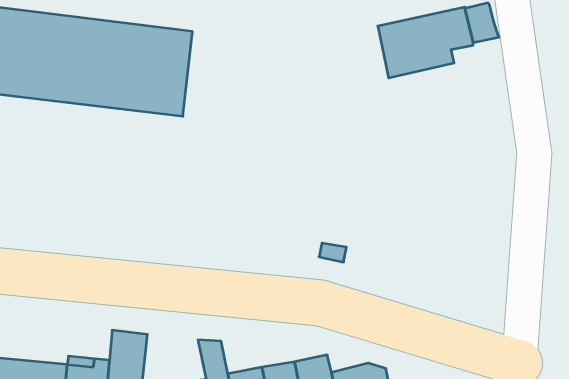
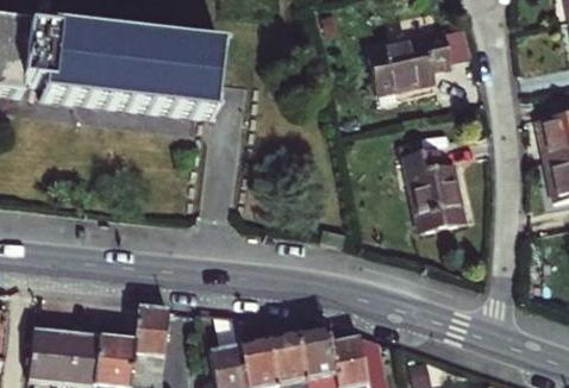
building: none -> [406,138,465,224]

